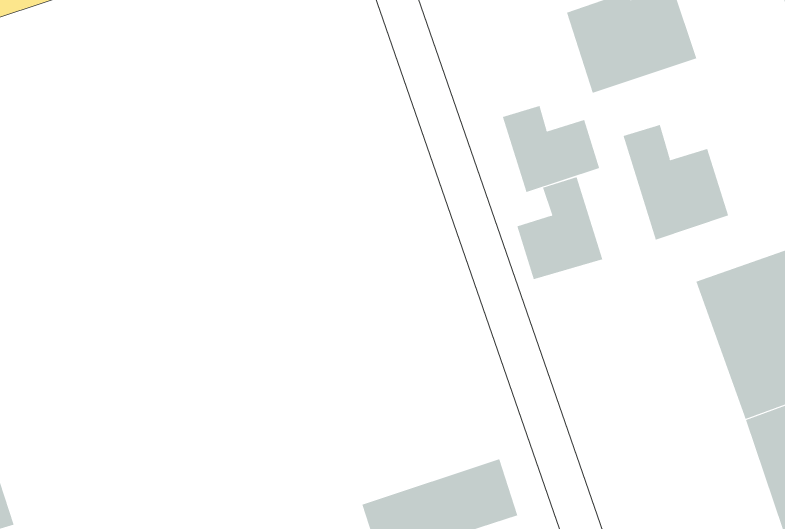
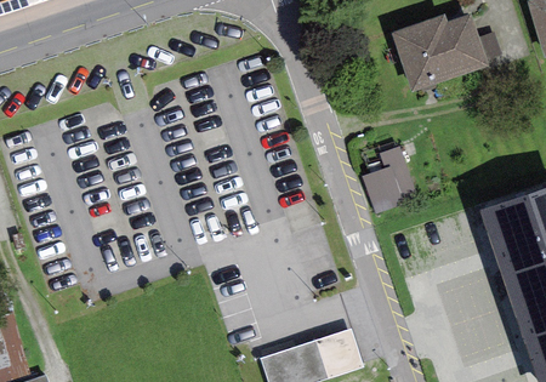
building: [502,105,600,193] -> none
building: [623,124,729,241] -> none

